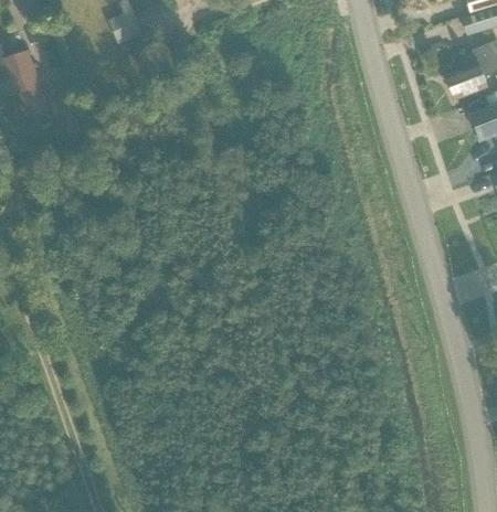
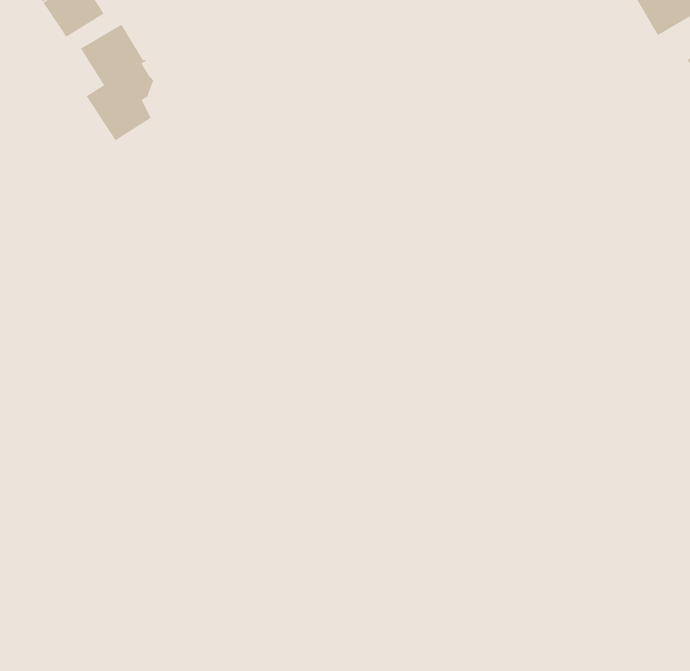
building: none -> [80,24,154,141]

